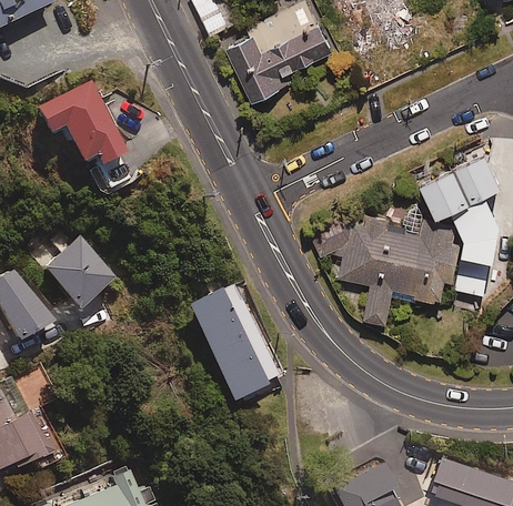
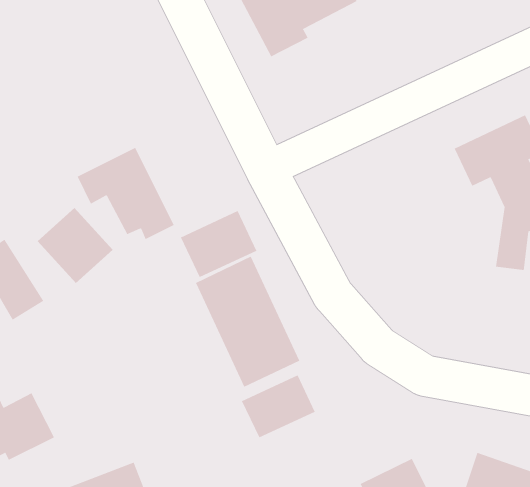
building: [37,81,125,165] -> [77,147,175,240]
building: [343,219,462,323] -> none
building: none -> [180,210,257,278]
building: none -> [241,374,316,438]

